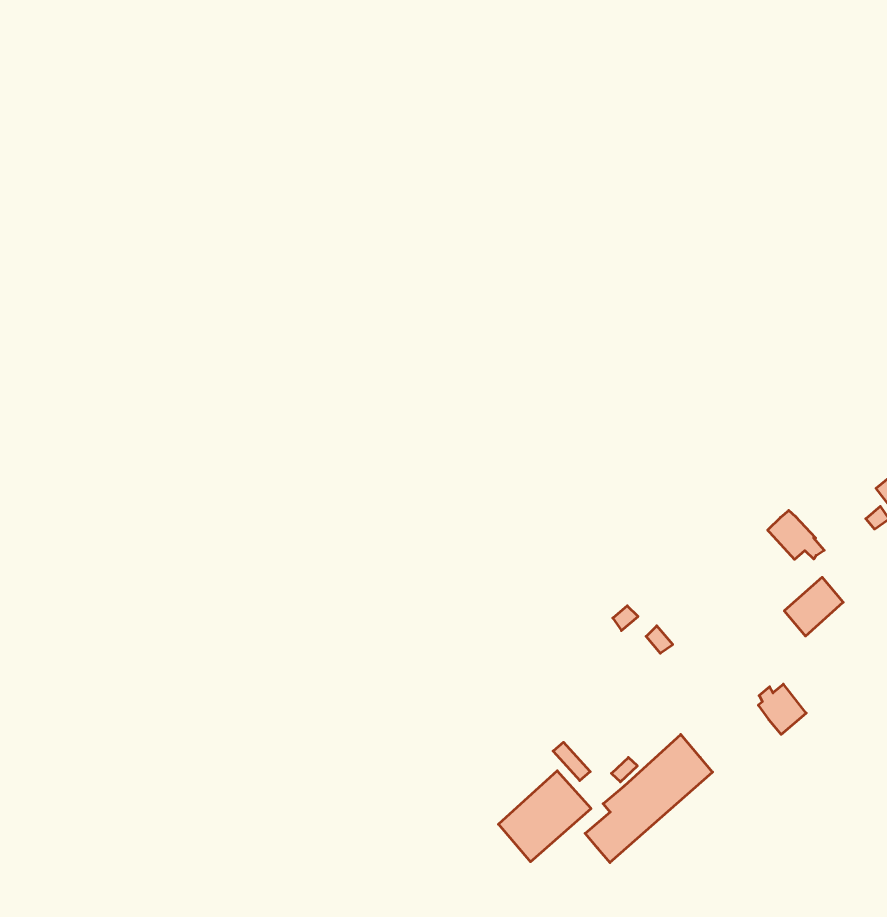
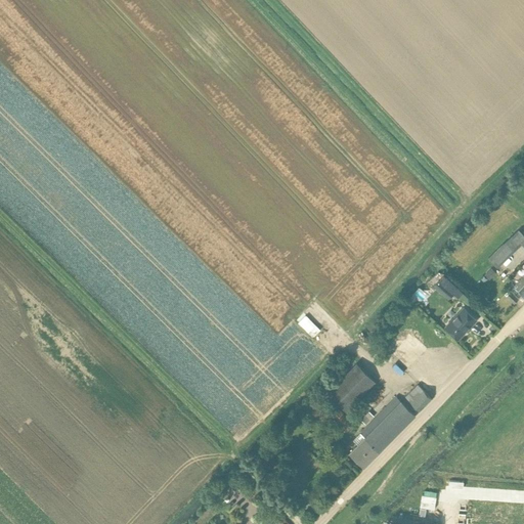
building: [758,684,806,734] -> [405,385,431,411]
building: [498,771,591,862] -> [328,364,376,413]

